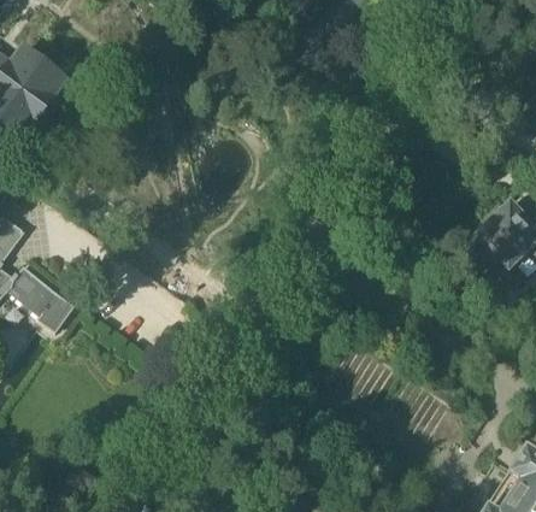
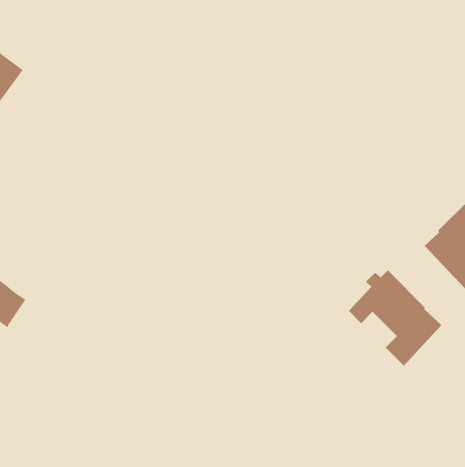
building: none -> [348,270,442,367]

